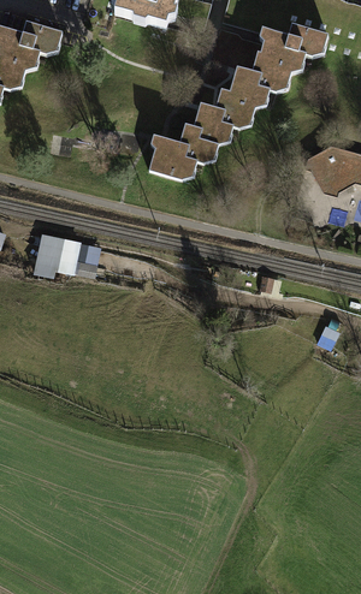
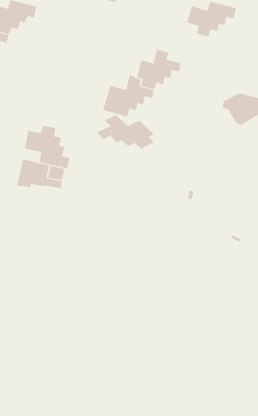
building: [229,52,290,107] -> none
building: none -> [96,114,155,149]
building: none -> [24,125,70,169]

